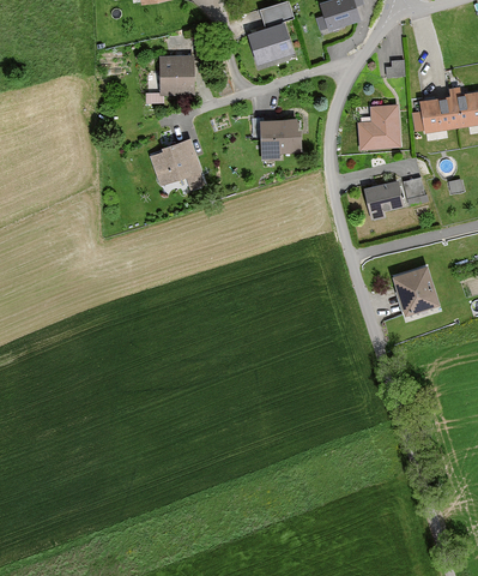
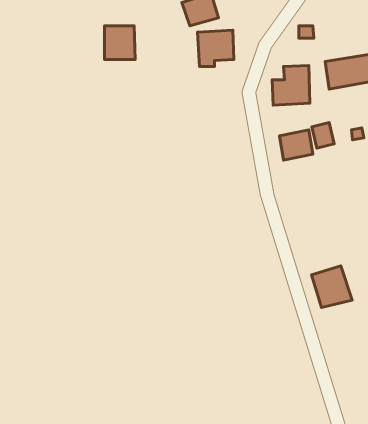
building: [259,118,302,161] -> [197,30,234,67]
building: [146,140,199,187] -> none
building: [392,265,440,314] -> [311,266,352,307]

